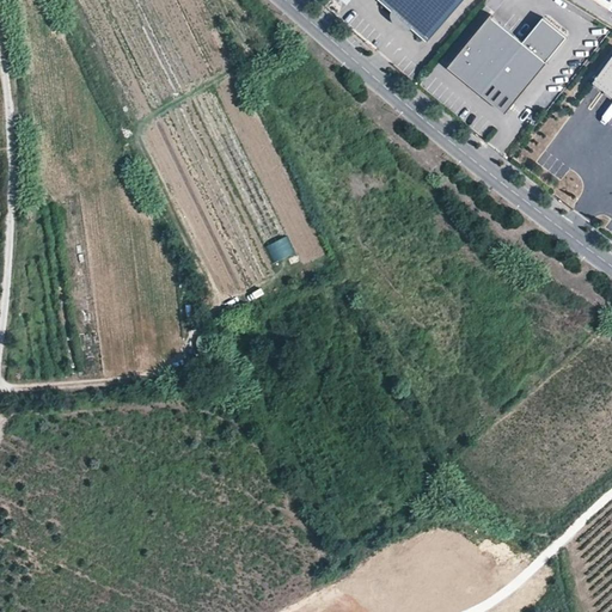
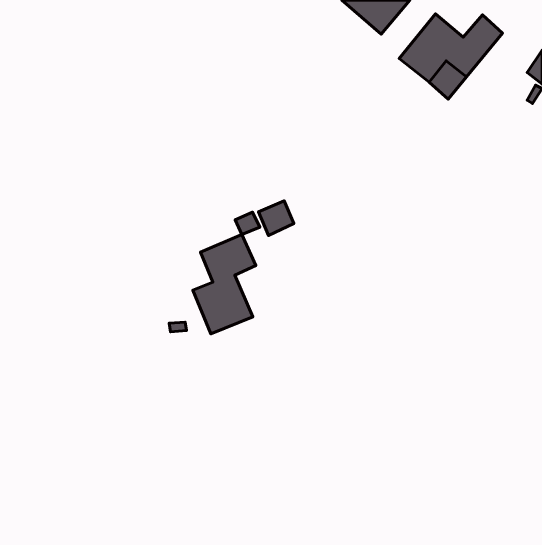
building: none -> [258,201,294,236]
building: none -> [193,235,256,334]

